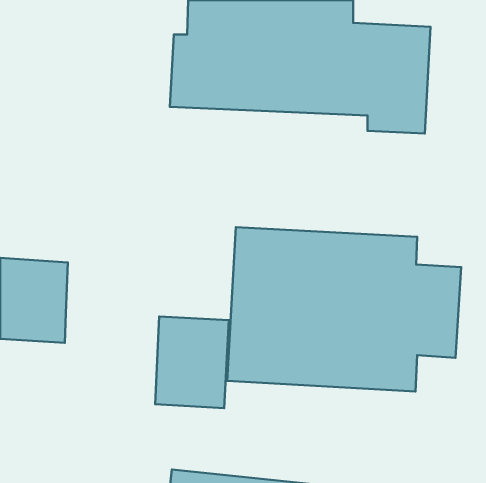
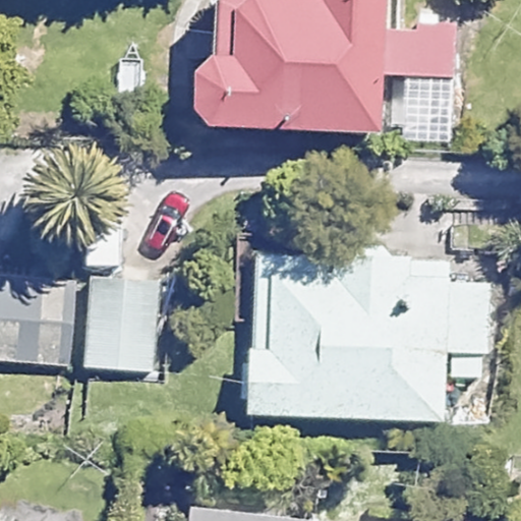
building: [155,317,229,408] -> [83,278,162,375]

